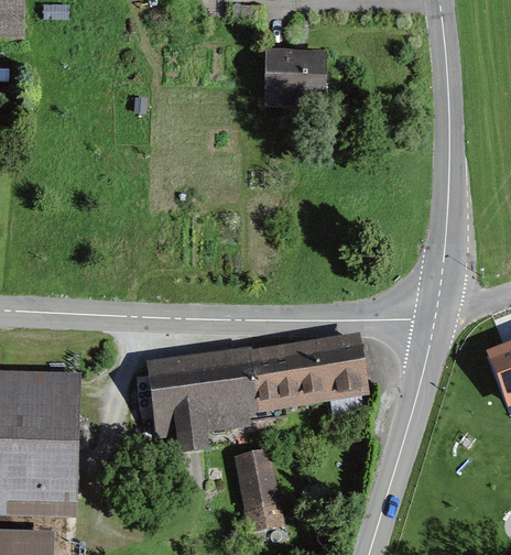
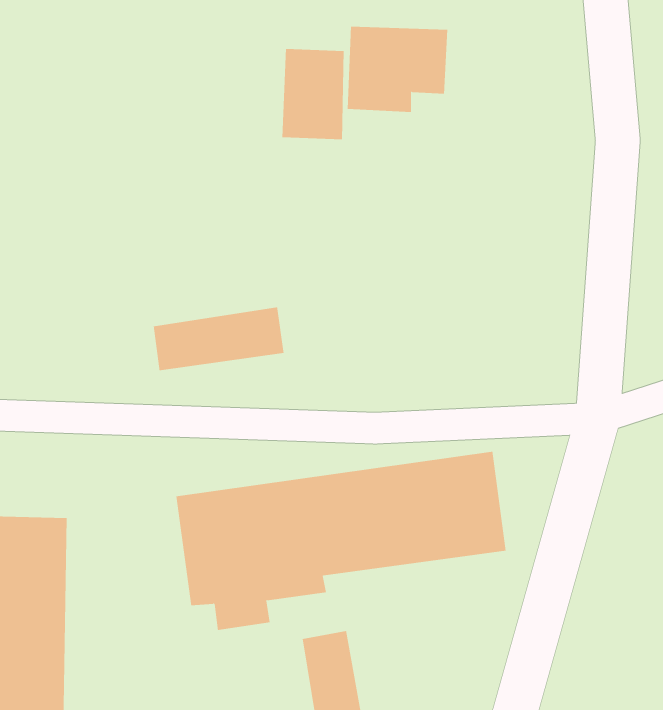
building: none -> [282,48,344,140]
building: none -> [153,307,284,371]

